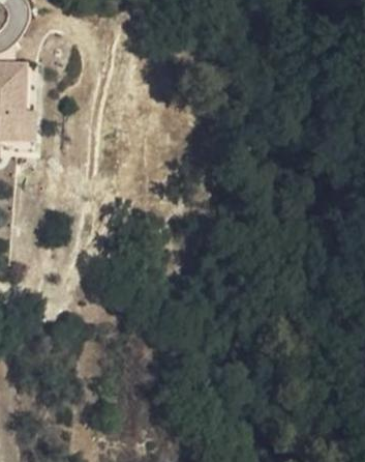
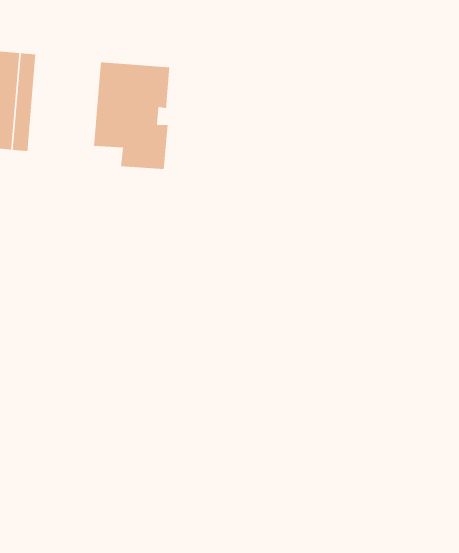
building: none -> [93,61,170,170]

